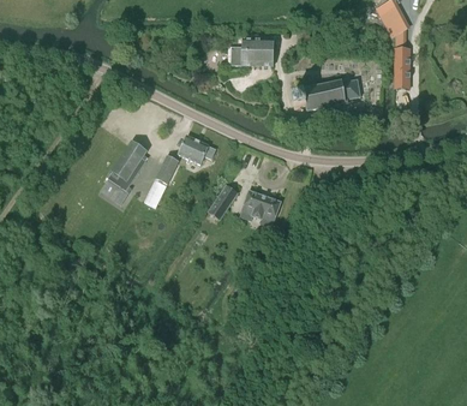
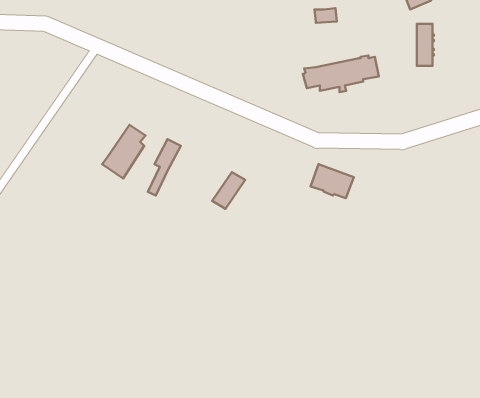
building: [230,34,274,66] -> none
building: [178,135,215,165] -> none
building: [241,190,281,221] -> [310,164,354,198]

